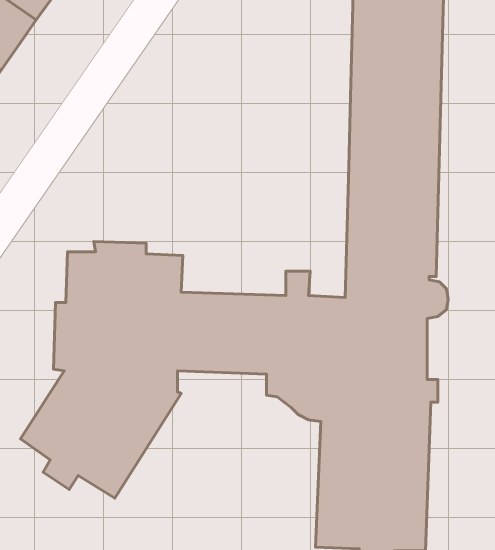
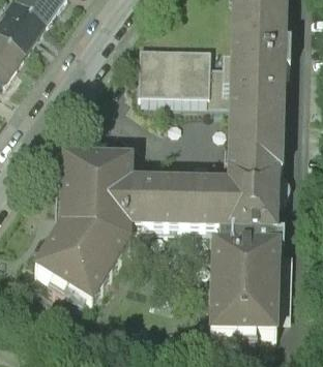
building: none -> [140,45,232,104]

